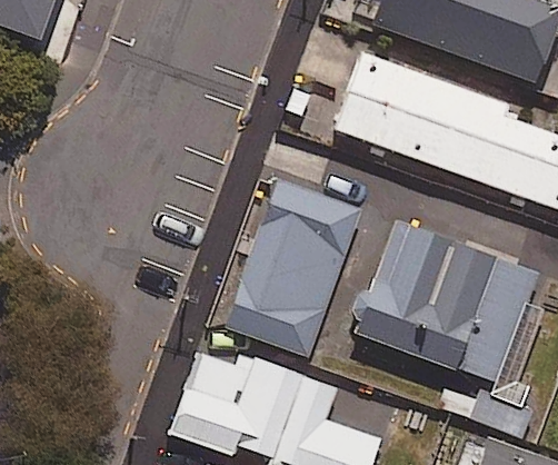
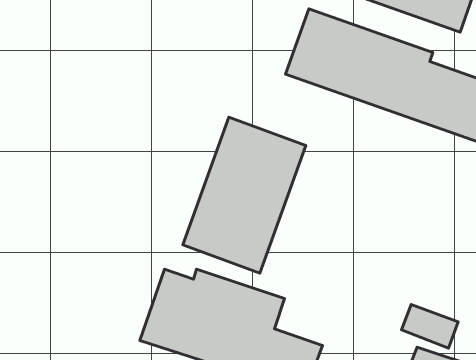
building: [362,224,537,383] -> none

